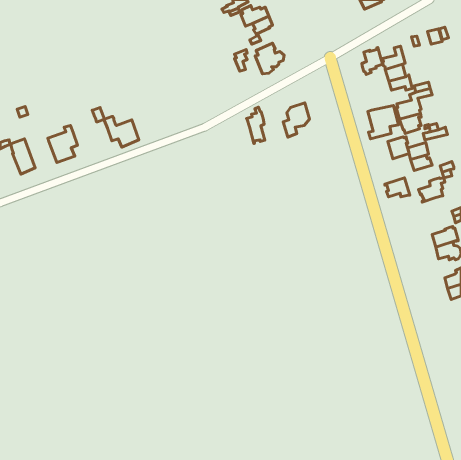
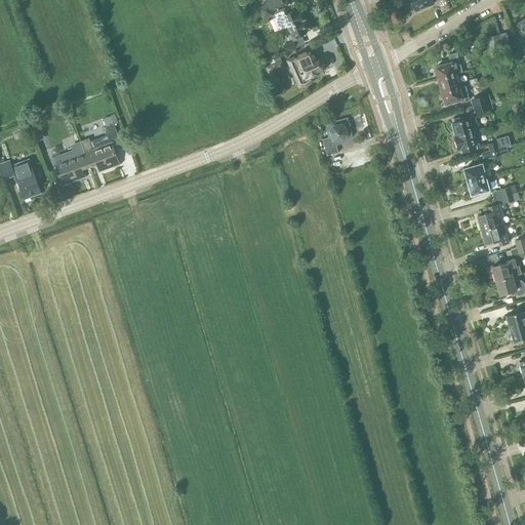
building: [362,47,383,74] -> none
building: [368,105,399,139] -> none
building: [247,107,265,144] -> none
building: [105,116,139,147] -> [80,137,119,172]
building: [388,137,409,159] -> none
building: [385,178,410,197] -> [480,223,509,244]

